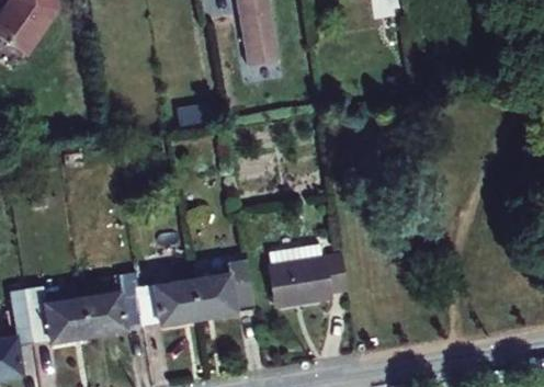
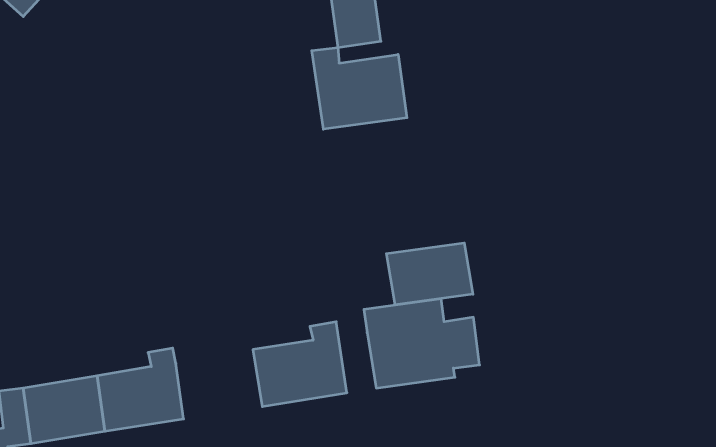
building: none -> [312,47,407,129]
building: none -> [386,243,473,305]
building: [132,281,193,330] -> none

